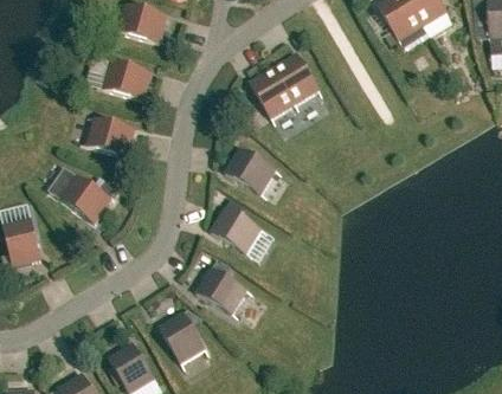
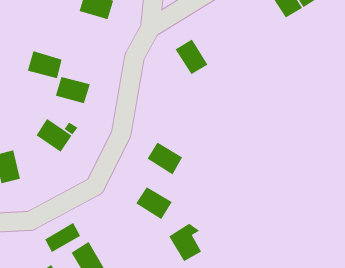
building: [272,52,318,102] -> none
building: [102,59,150,98] -> [27,50,63,79]
building: [224,147,275,193] -> none
building: [159,308,205,361] -> [168,223,202,262]
building: none -> [44,222,81,253]

